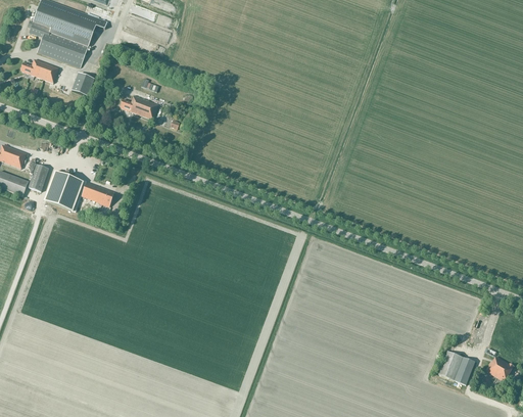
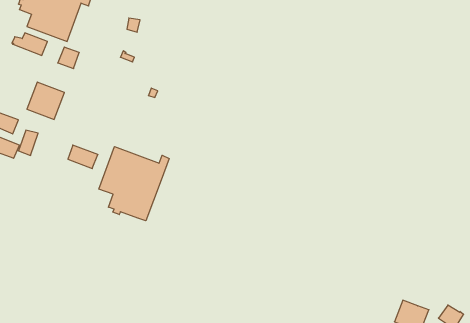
building: [118,95,157,120] -> none
building: [42,171,83,212] -> [27,82,64,119]
building: none -> [99,147,169,221]

